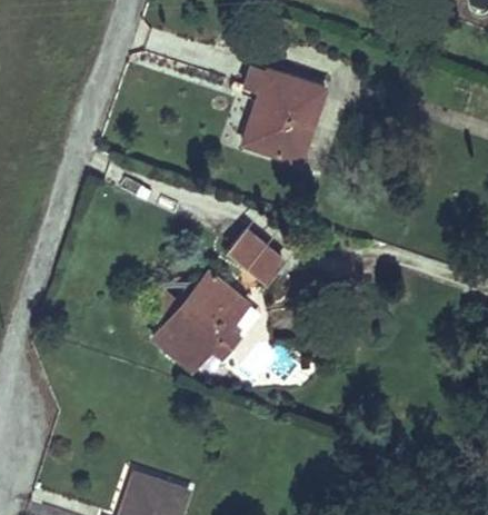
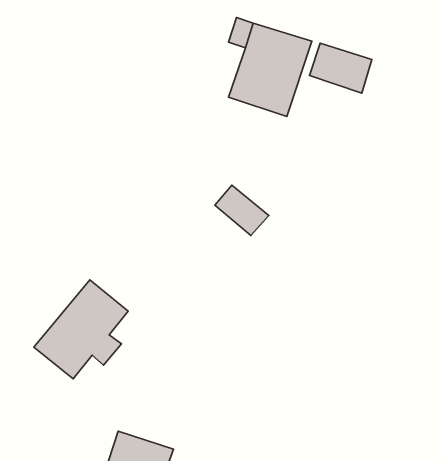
building: none -> [309,43,372,93]
building: [153,273,247,370] -> [34,280,128,379]

